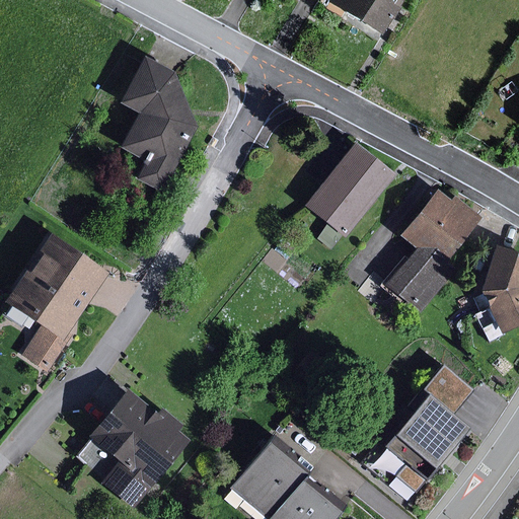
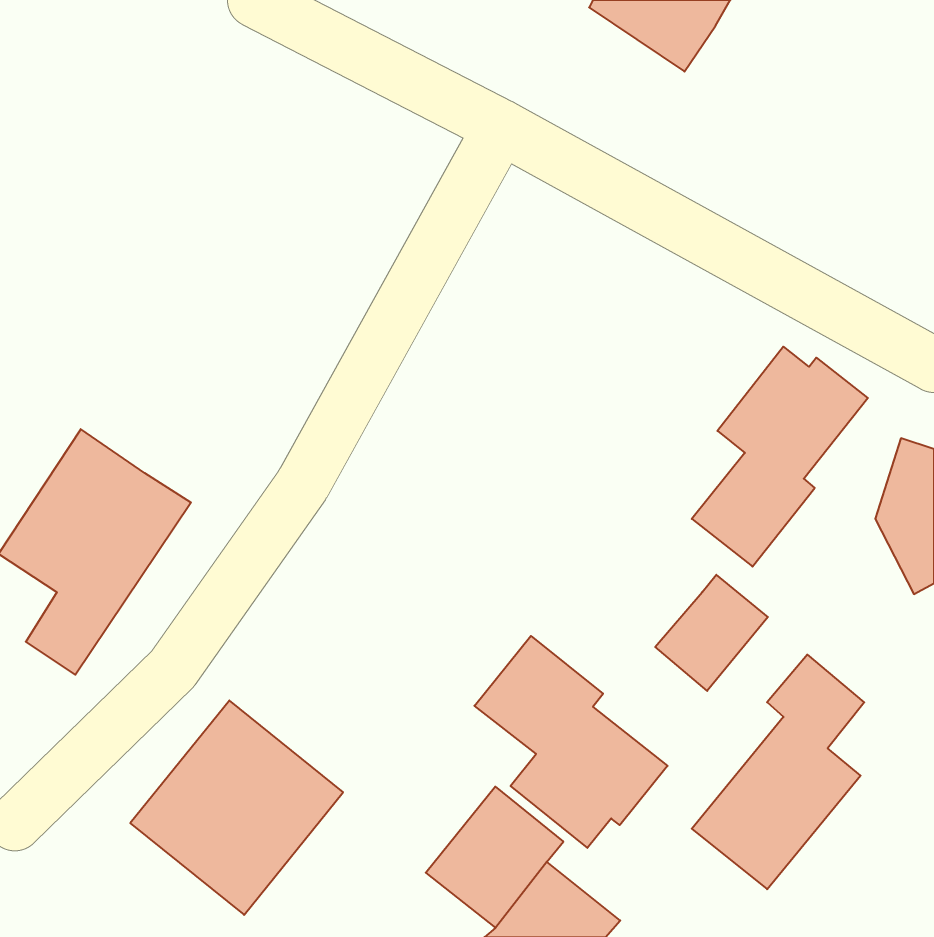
building: [114,59,195,195] -> none
building: [312,142,396,247] -> none
building: none -> [655,575,768,691]
building: none -> [474,636,668,848]

